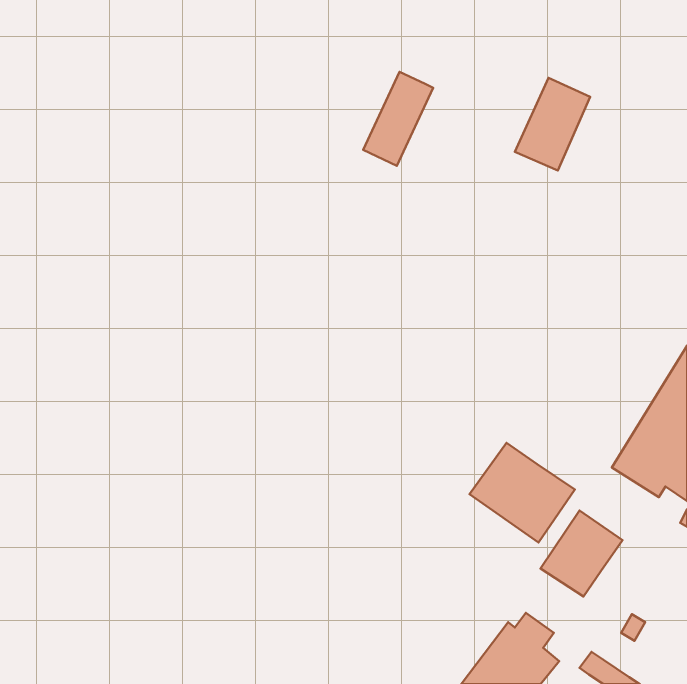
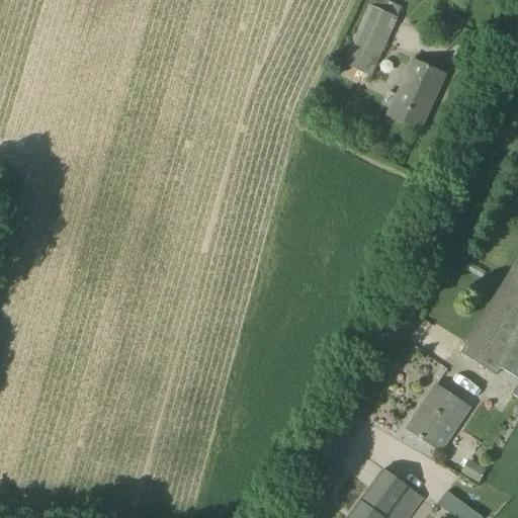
building: [363,72,433,166] -> [345,4,398,75]
building: [470,443,575,542] -> none

